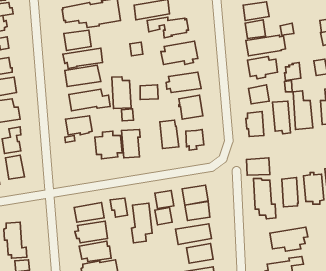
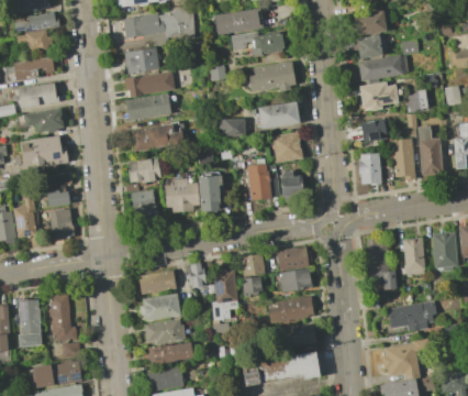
building: [112,77,131,109] -> none
building: none -> [131,189,156,221]
building: [246,158,270,175] -> none

